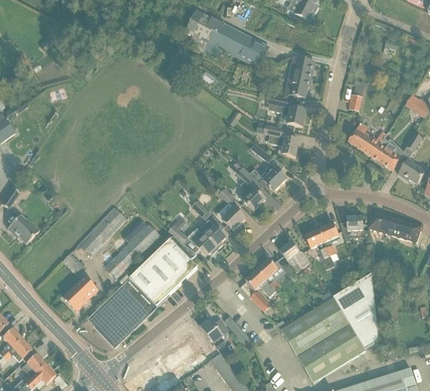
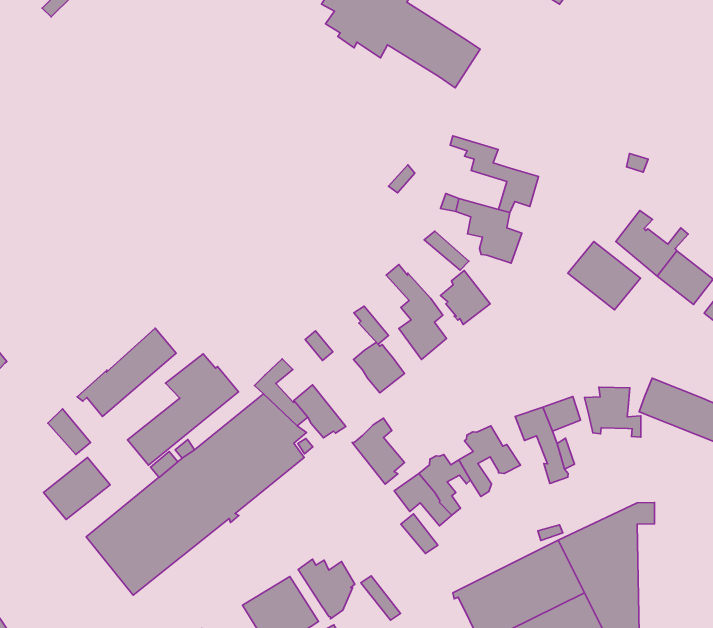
building: [288,57,314,95] -> none
building: none -> [568,241,641,310]
building: [198,214,226,248] -> [352,418,405,484]

